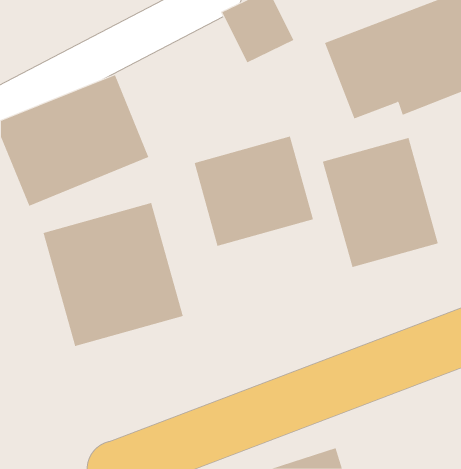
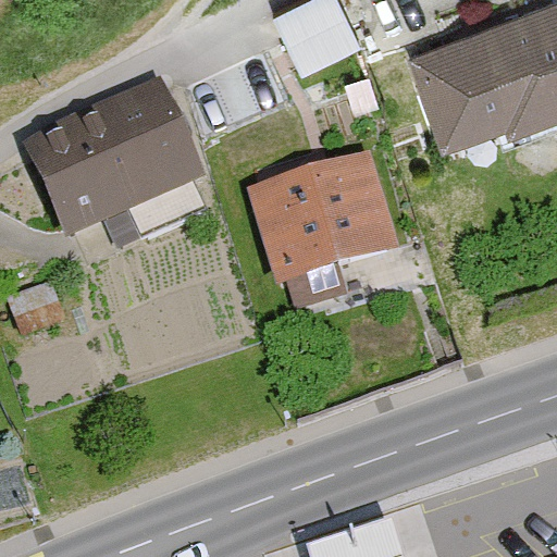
building: [322,137,439,268] -> none
building: [43,202,183,347] -> none

